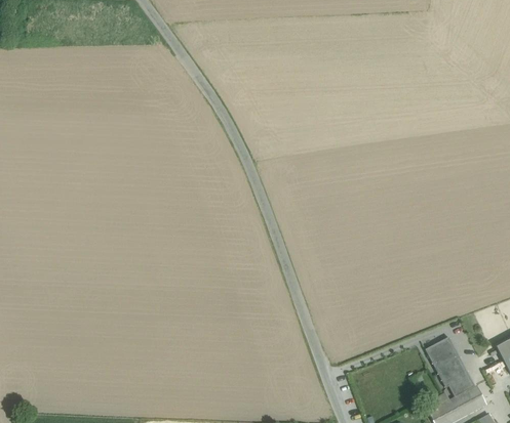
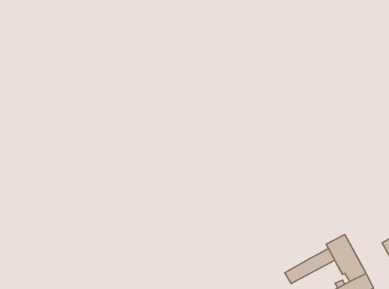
building: none -> [285,248,335,284]

